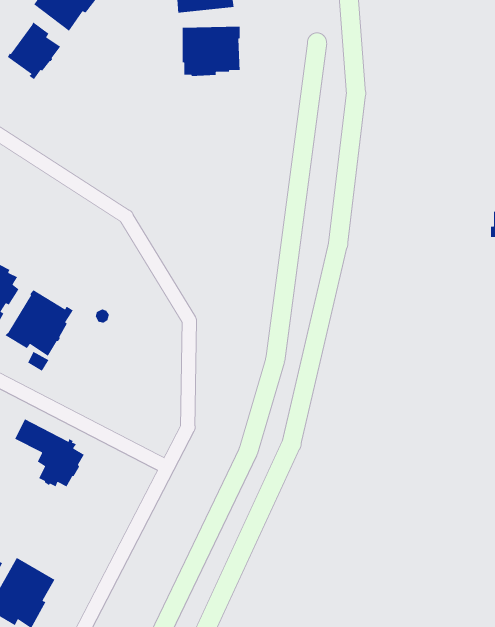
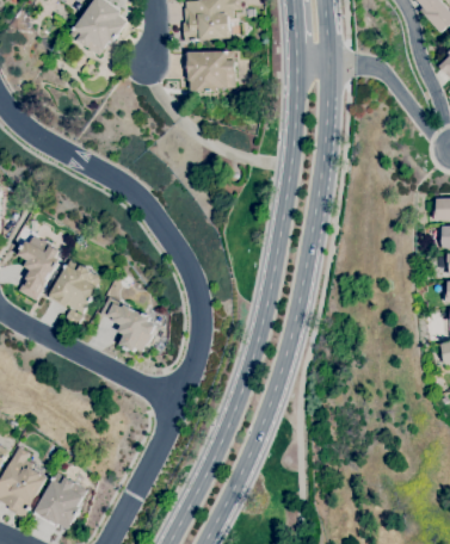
building: [7,21,61,80] -> none
building: [14,418,85,487] -> [100,297,156,352]

